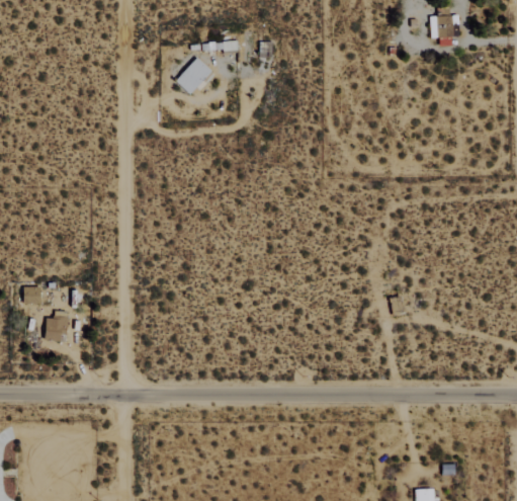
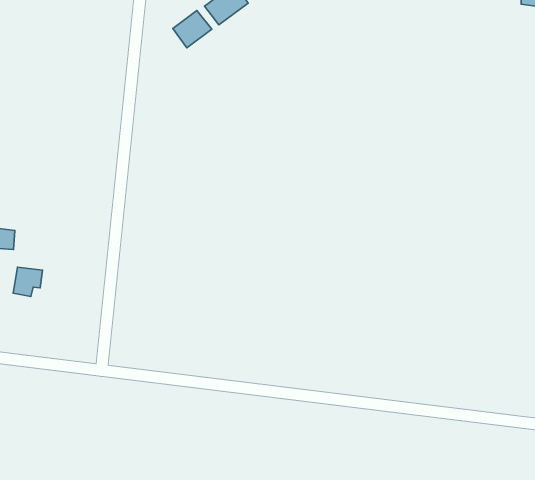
building: none -> [173,11,212,48]

